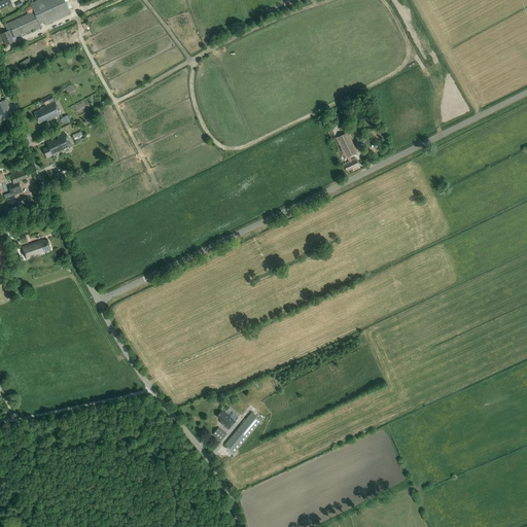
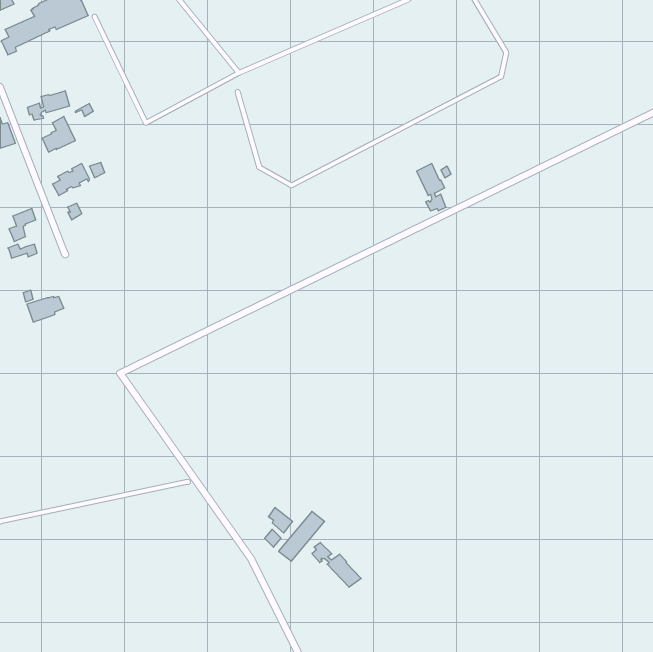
building: none -> [28,91,69,120]
building: none -> [312,542,361,587]

